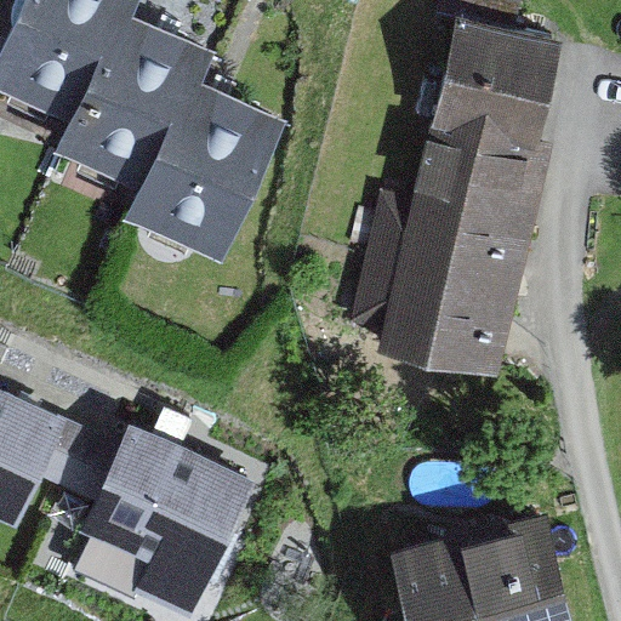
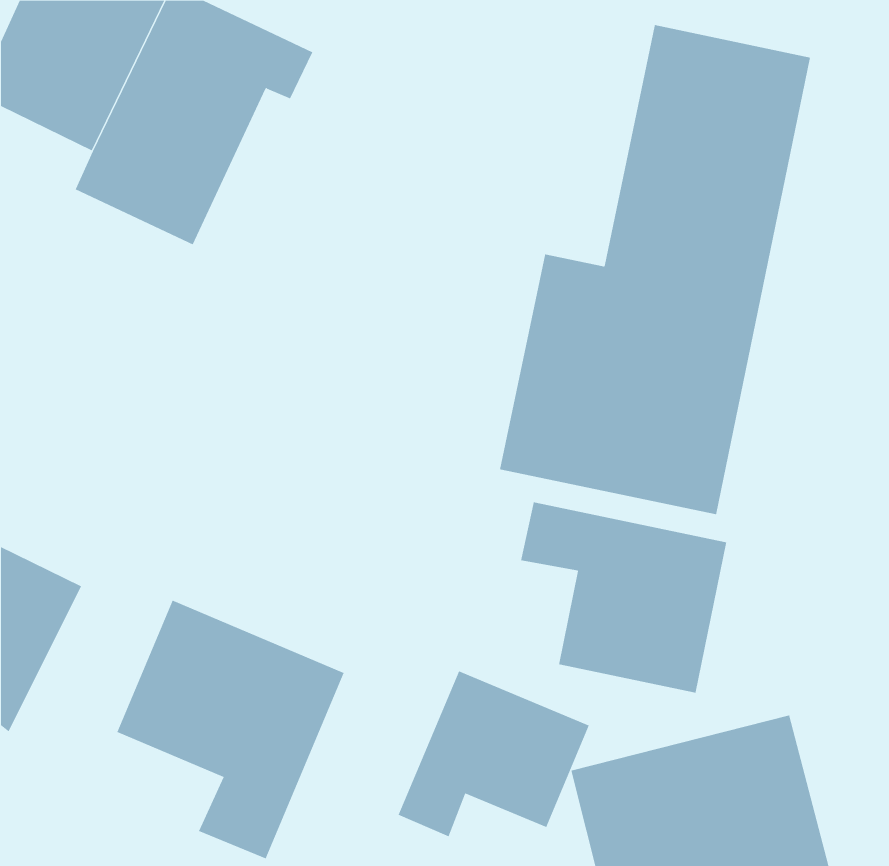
building: [120,78,284,264] -> none
building: none -> [520,501,727,693]
building: none -> [398,671,590,837]

